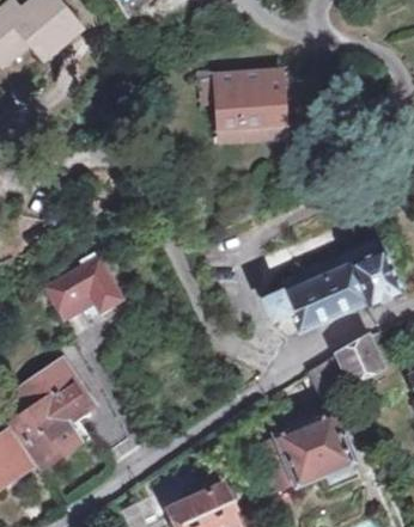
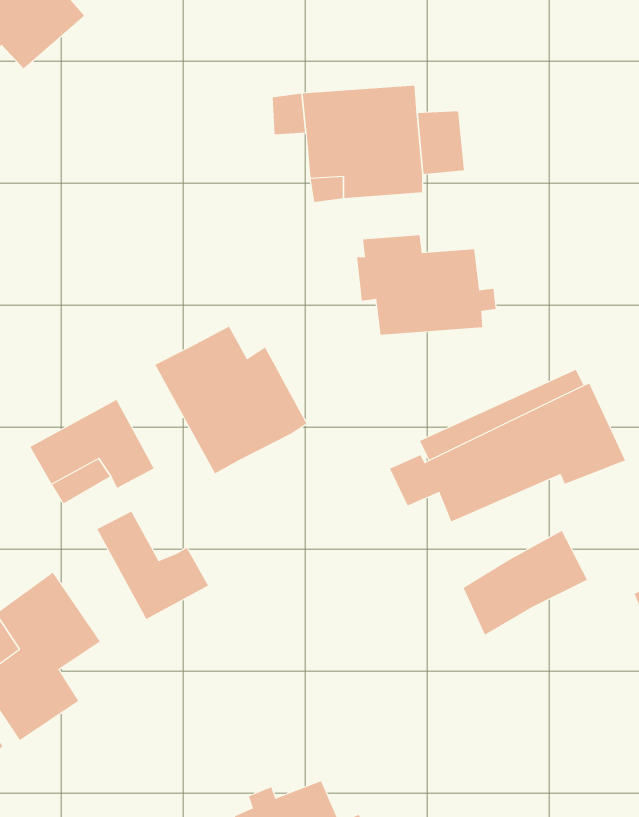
building: none -> [356,235,496,335]
building: none -> [155,326,307,474]
building: none -> [97,511,209,620]
building: [256,409,353,494] -> none

